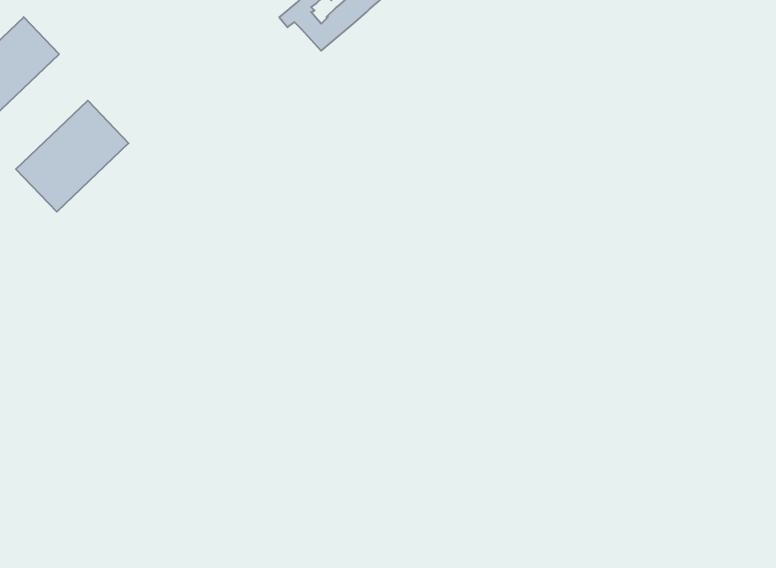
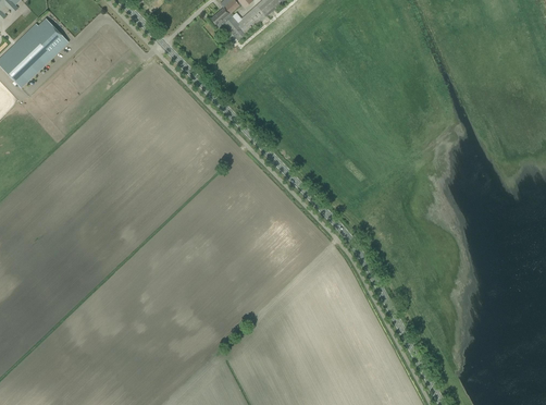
building: [16,101,129,212] -> none

